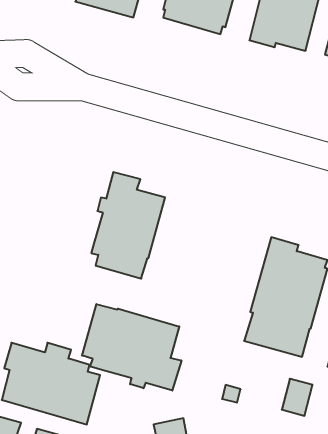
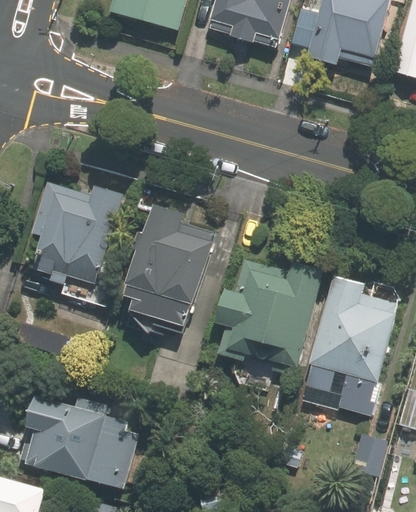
building: none -> [31,182,121,284]
building: none -> [217,260,322,377]
building: [82,304,181,391] -> none

